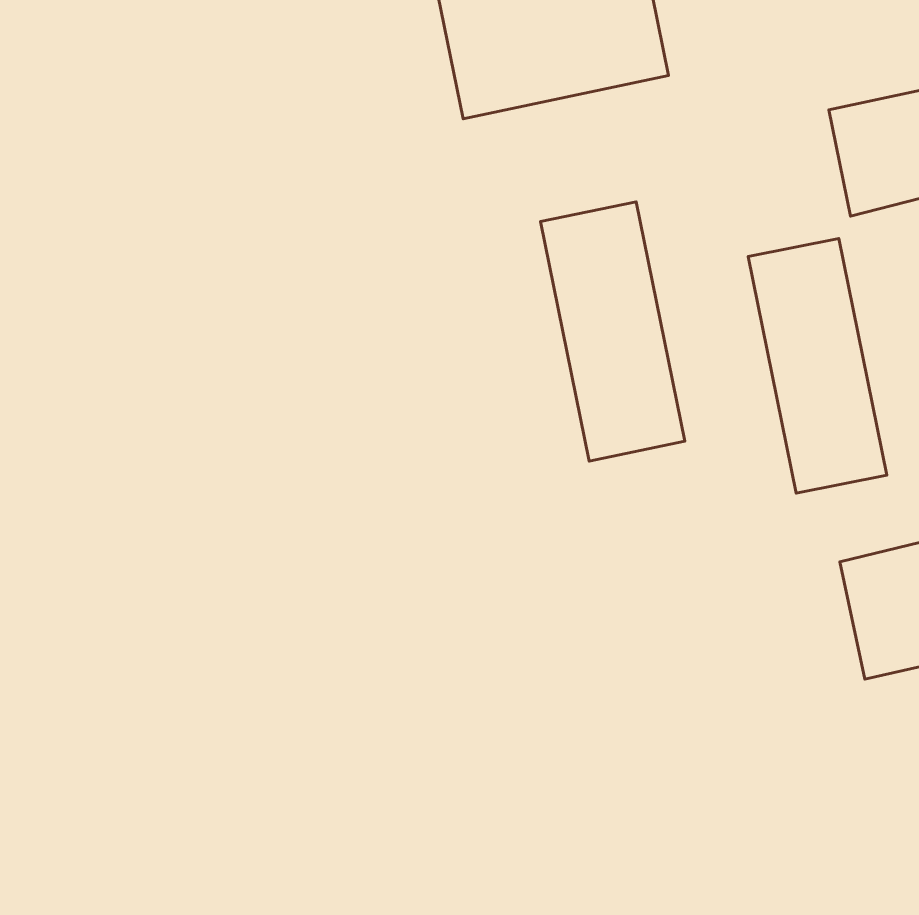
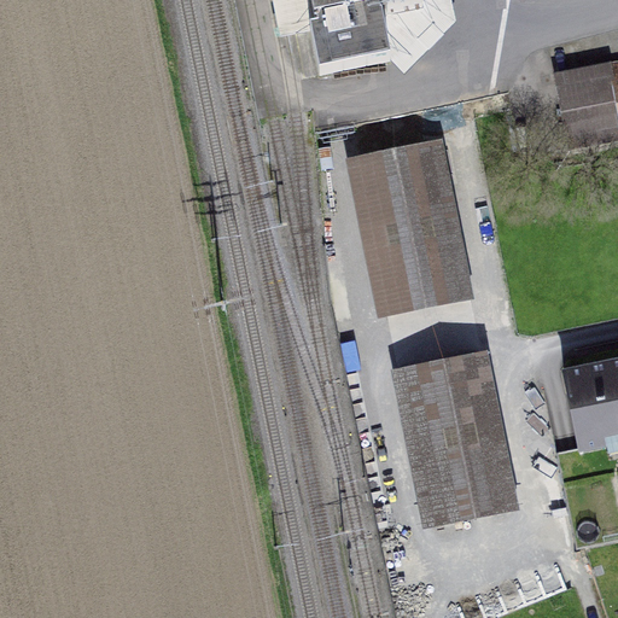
building: [748,239,887,493] -> none
building: none -> [403,350,507,519]

